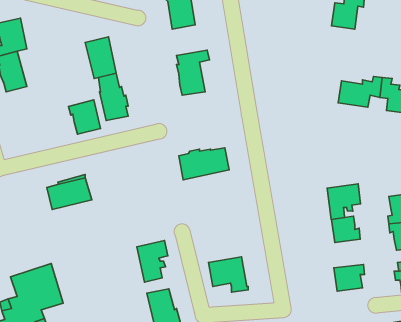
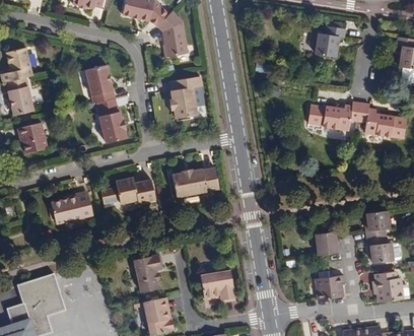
building: [69,100,100,134] -> [18,122,48,153]
building: none -> [116,177,155,204]
building: [327,184,360,220] -> none

